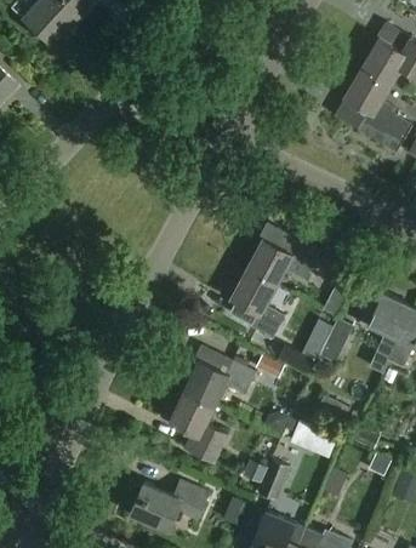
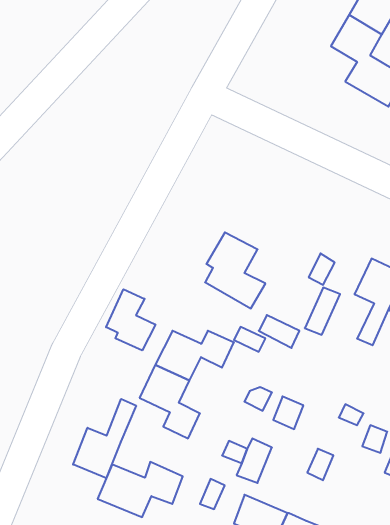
building: [246,238,319,284] -> none
building: none -> [106,289,155,350]
building: none -> [73,399,136,478]

